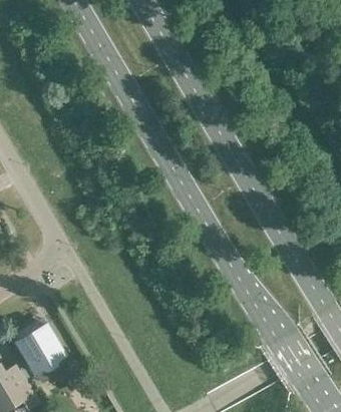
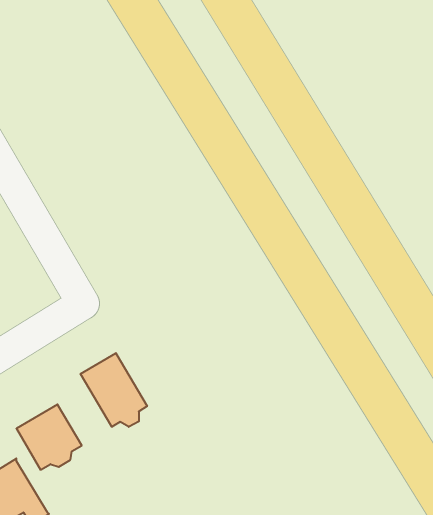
building: none -> [81,353,147,427]

